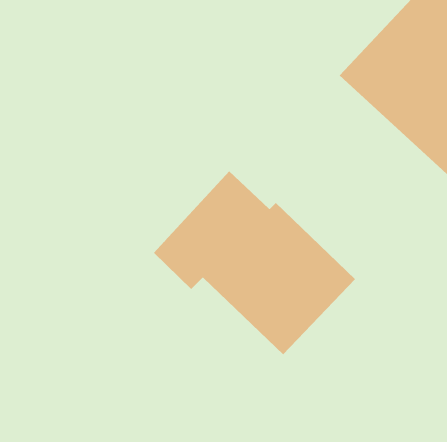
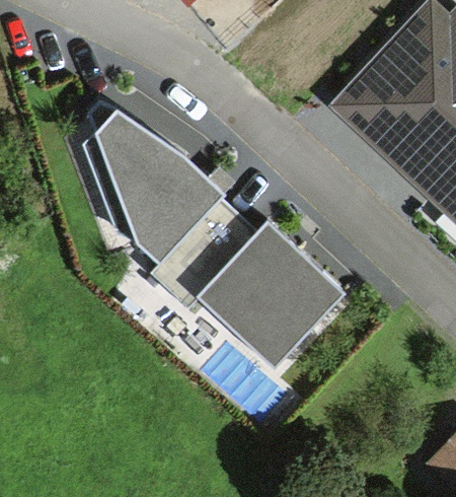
building: none -> [69,99,224,263]

